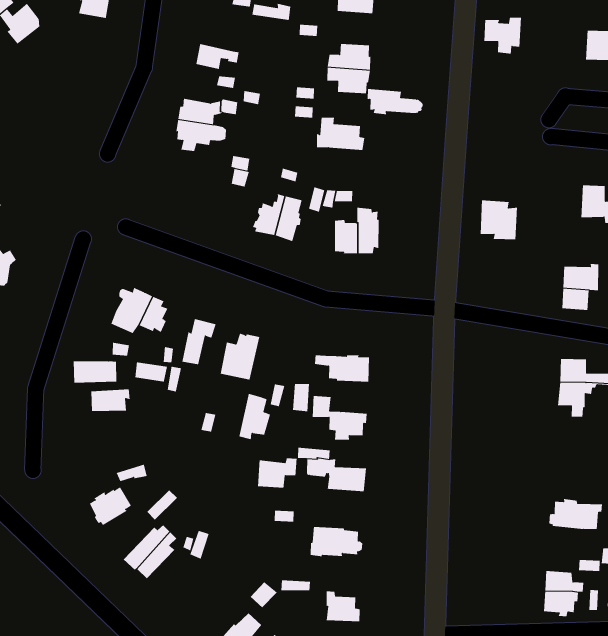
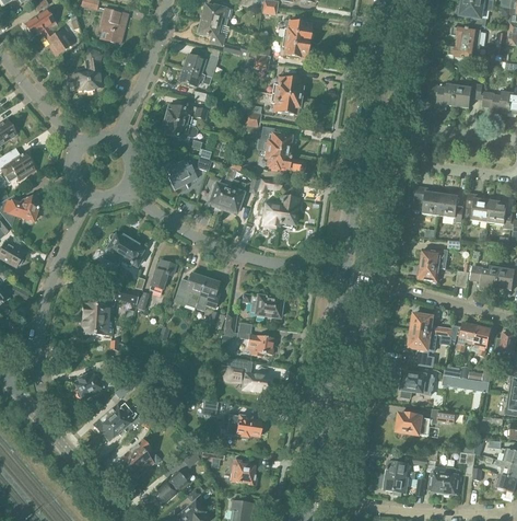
building: none -> [184,48,219,76]
building: [484,17,522,54] -> [427,83,456,109]
building: none -> [71,49,103,90]
building: [367,89,424,115] -> [266,149,305,170]
building: none -> [164,159,197,188]
building: [480,200,518,240] -> [413,185,442,216]
building: [73,361,117,383] -> [81,317,113,335]
building: [239,393,271,440] -> [196,277,220,310]
building: none -> [401,371,433,397]
building: [257,458,297,489] -> none
building: none -> [122,439,153,475]

